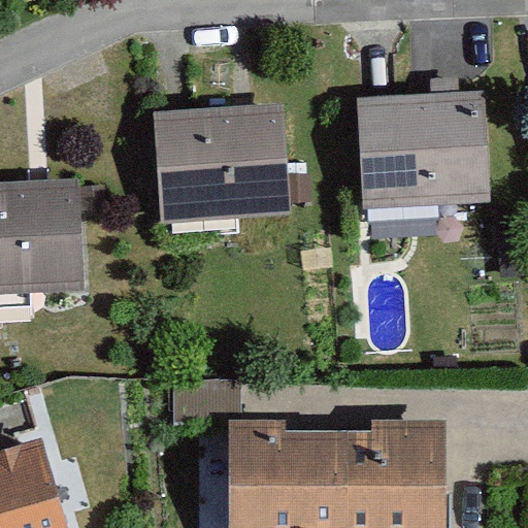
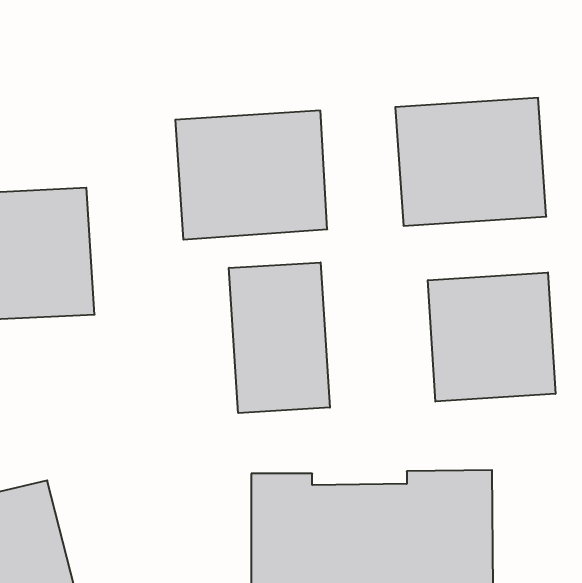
building: none -> [229,262,330,413]
building: none -> [428,272,555,402]

